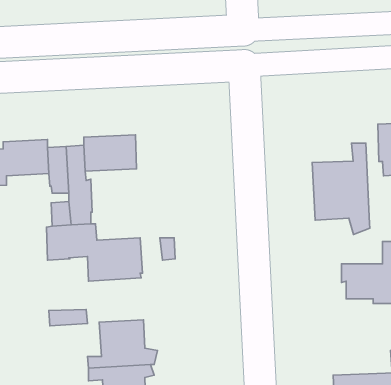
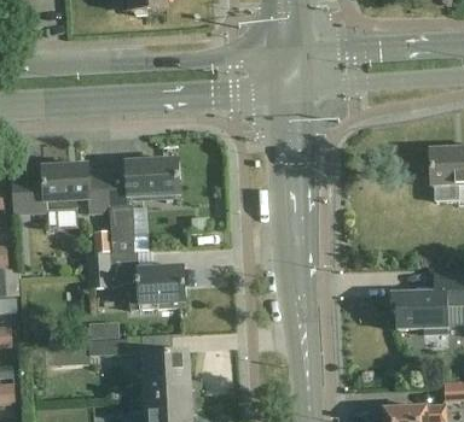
building: [312,143,370,234] -> none

